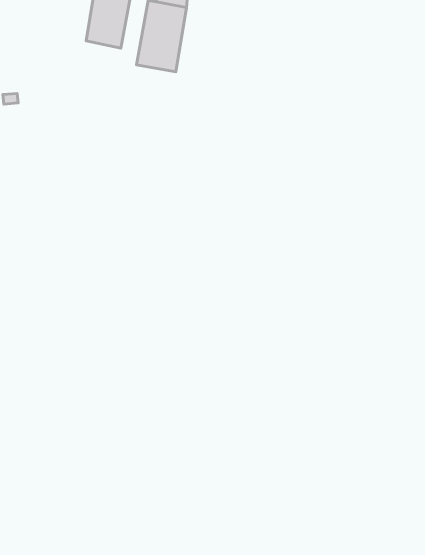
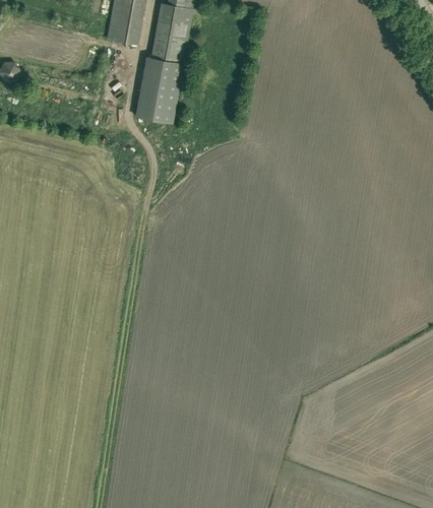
building: none -> [138,59,182,123]

